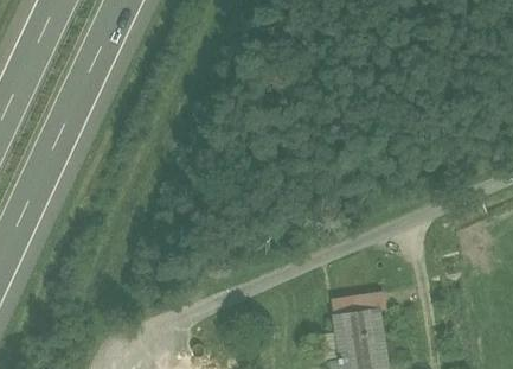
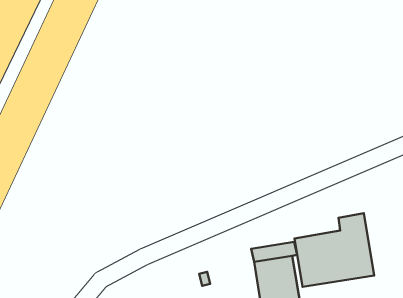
building: none -> [294,213,374,287]

